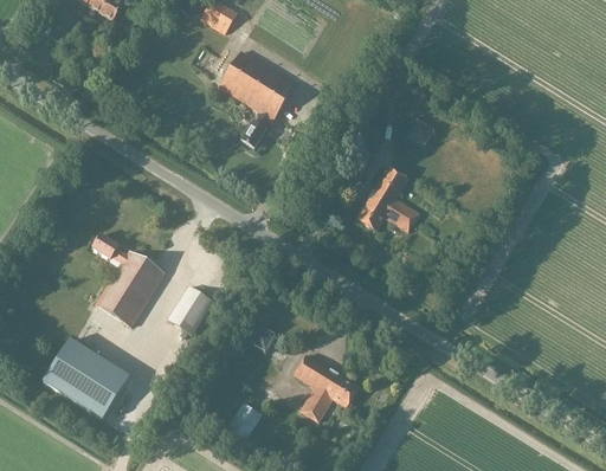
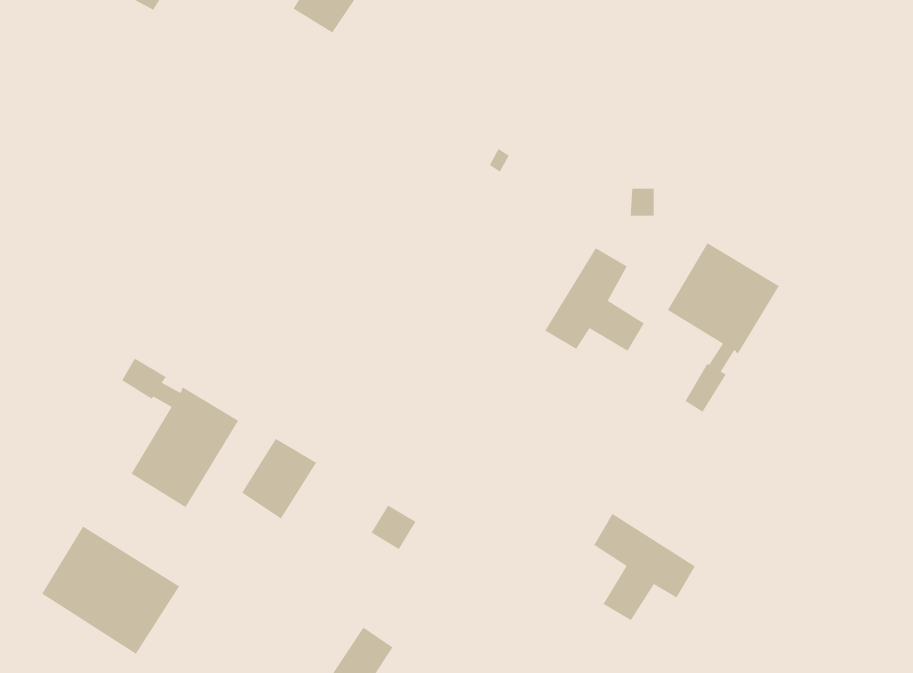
building: [220,52,296,148] -> none
building: none -> [667,242,780,413]
building: [295,353,359,420] -> [593,513,696,621]

